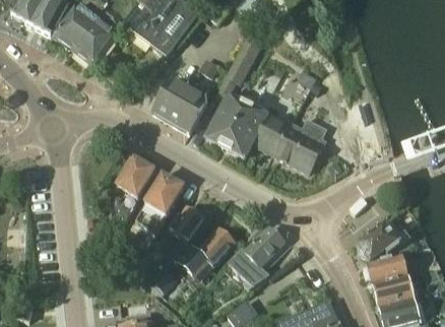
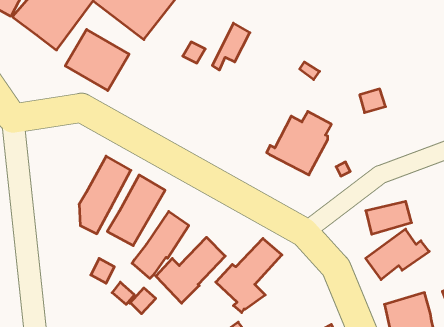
building: [153,80,208,133] -> [65,29,129,91]
building: [206,93,294,157] -> none
building: [369,256,408,284] -> [366,201,412,234]

